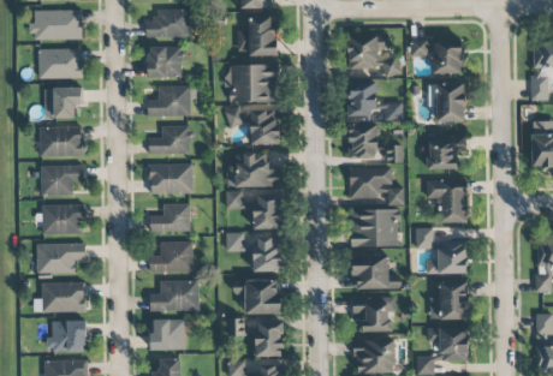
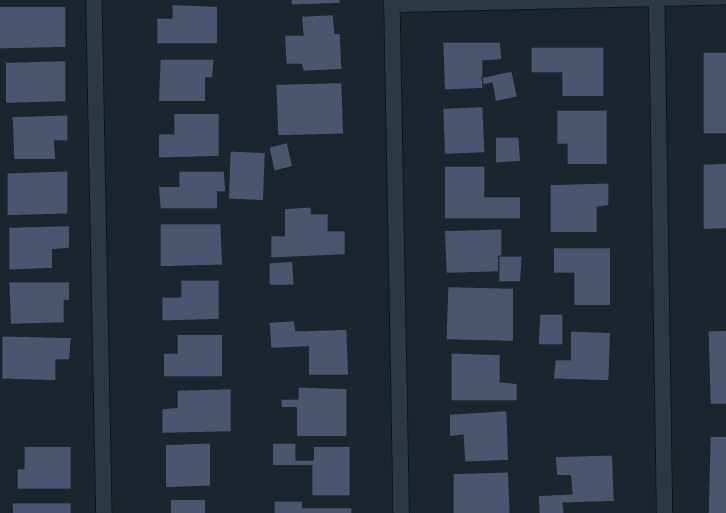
building: [250,109,276,144] -> [228,151,266,200]
building: [252,193,281,229] -> none
building: [428,280,469,320] -> none
building: [41,281,85,312] -> none

